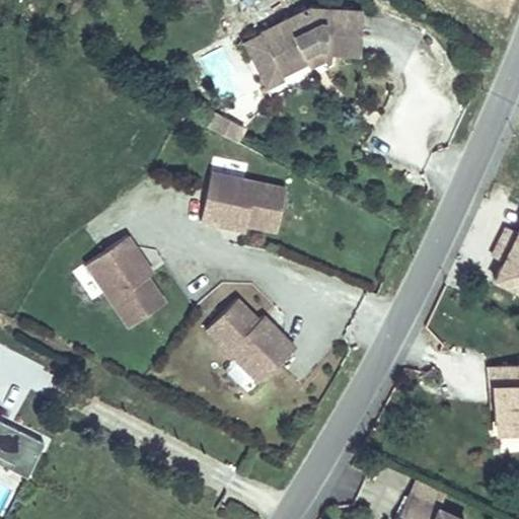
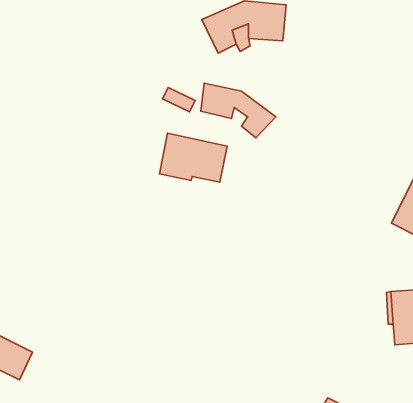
building: none -> [201,83,276,138]
building: [88,238,167,328] -> none
building: [208,298,296,384] -> none

